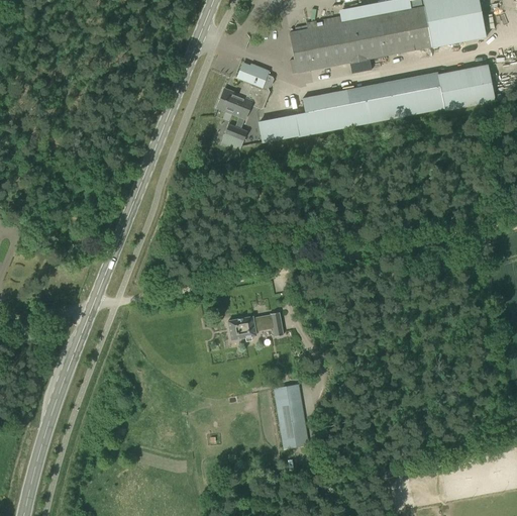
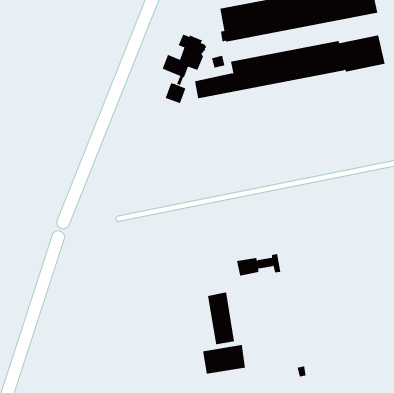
building: [227,311,283,339] -> [236,253,281,276]
building: none -> [202,344,245,375]

